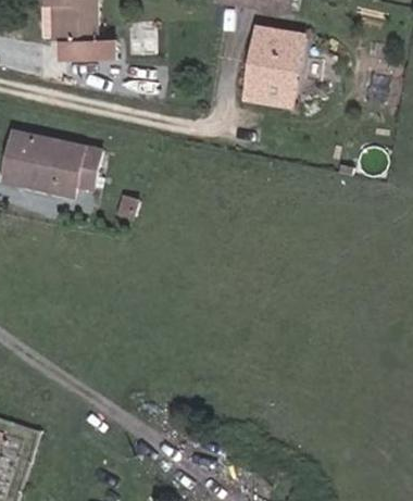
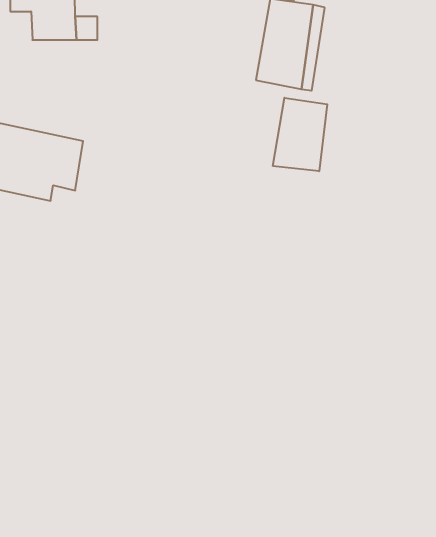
building: none -> [273,98,327,171]

